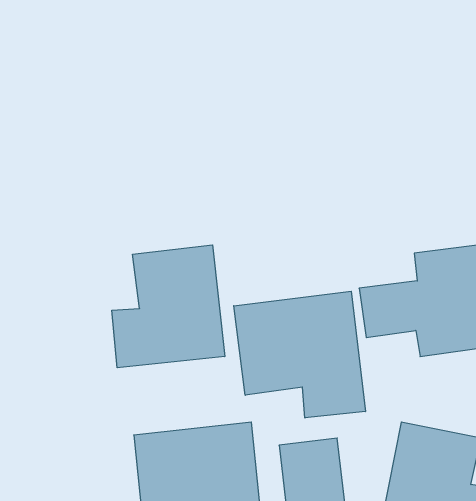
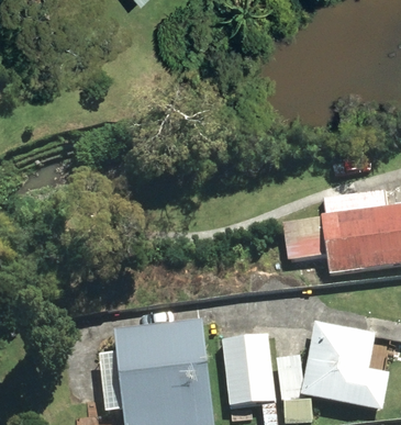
building: [112,245,225,368] -> none
building: [234,291,365,418] -> none

